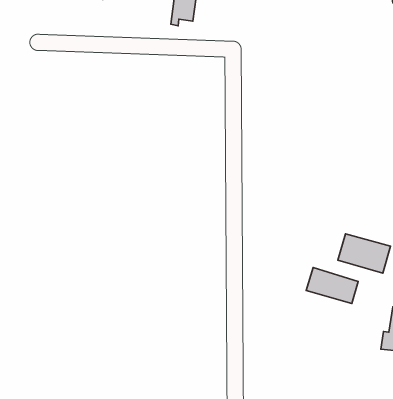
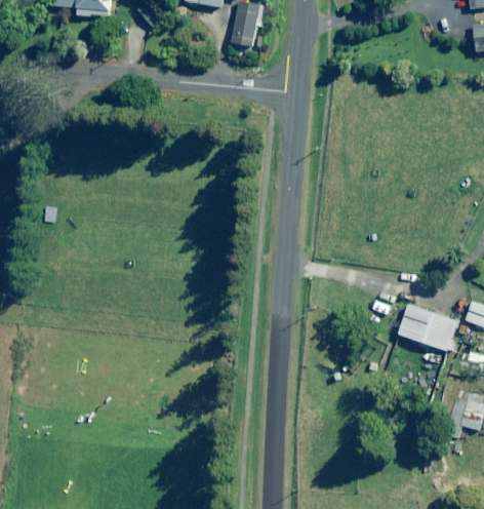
building: [306,268,358,304] -> none

